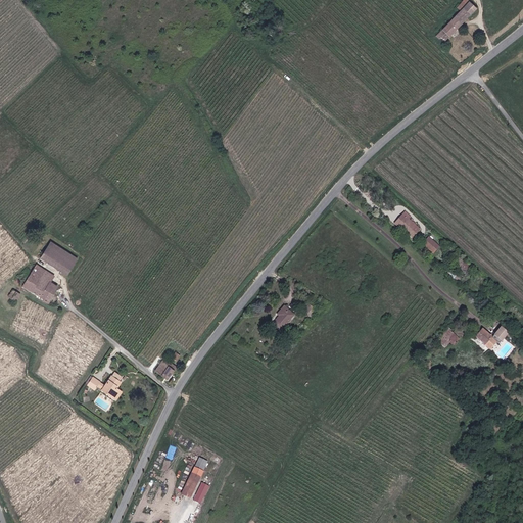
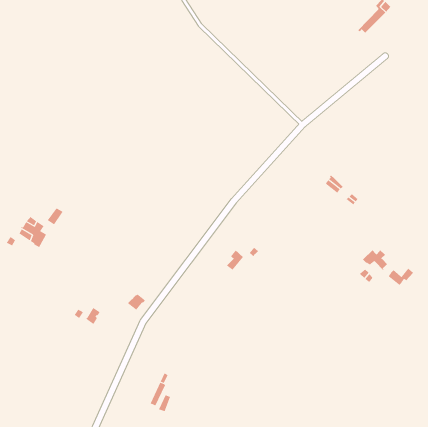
building: [41,242,68,269] -> none
building: none -> [362,250,388,271]

